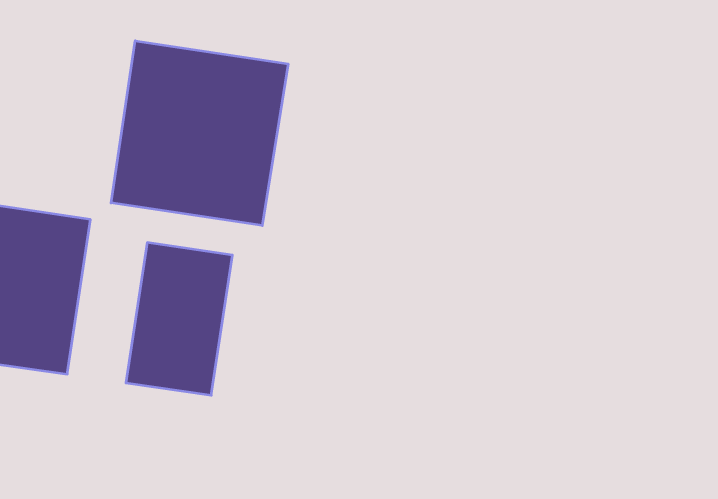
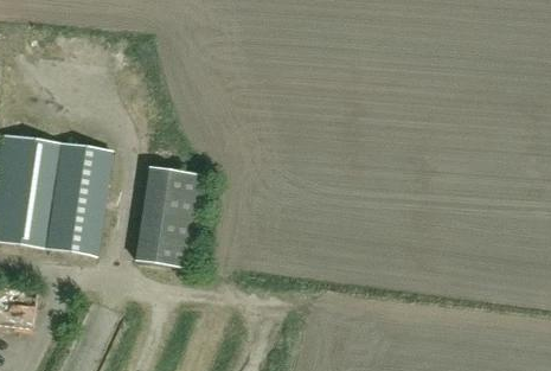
building: [111,41,288,226] -> none

